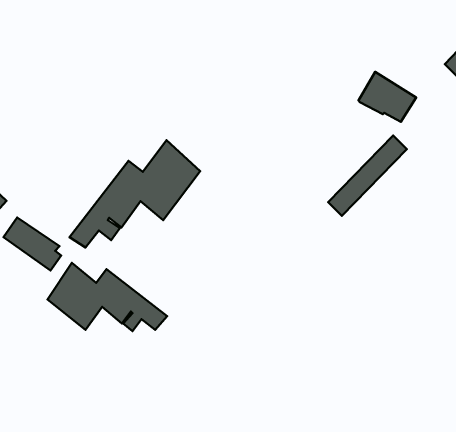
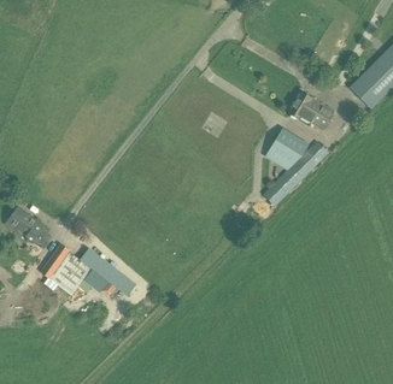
building: none -> [265,130,306,170]
building: [69,140,200,248] -> none

